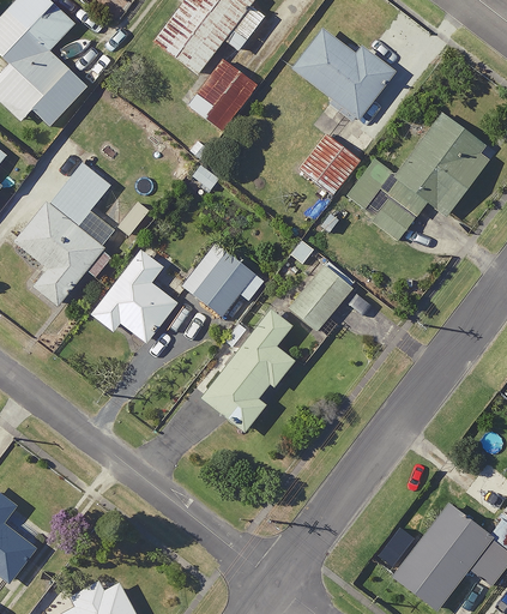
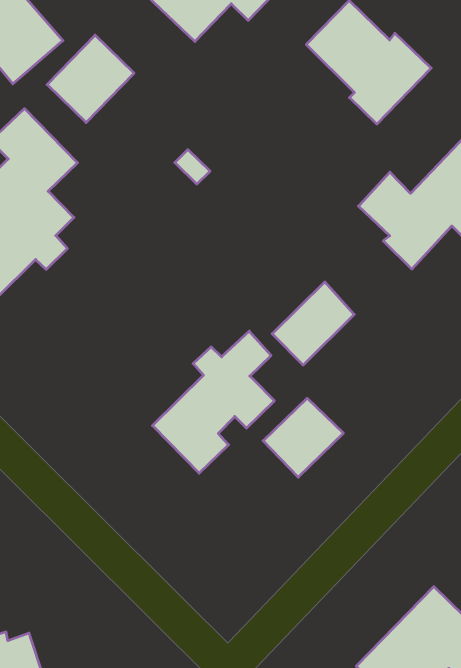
building: [188,59,259,132] -> [47,35,134,123]
building: [300,134,361,195] -> none
building: [91,252,180,343] -> none
building: [194,252,256,317] -> none
building: none -> [263,398,343,477]

